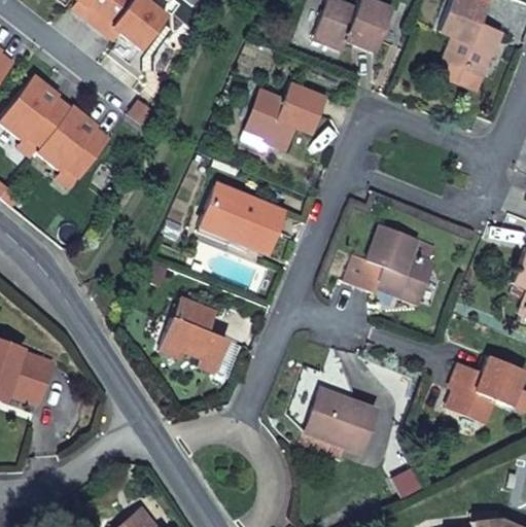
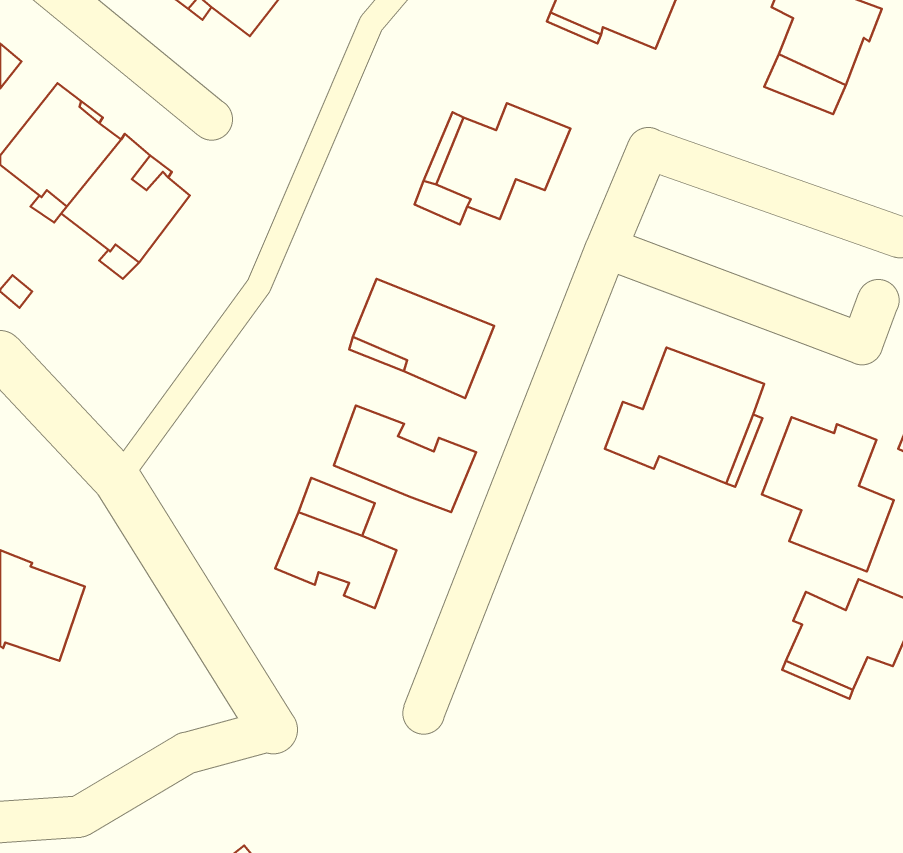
building: none -> [334,405,476,512]
building: none -> [762,417,894,571]
building: [305,389,377,453] -> none

